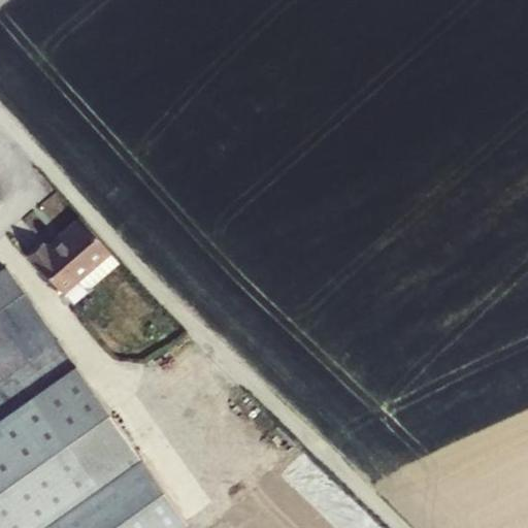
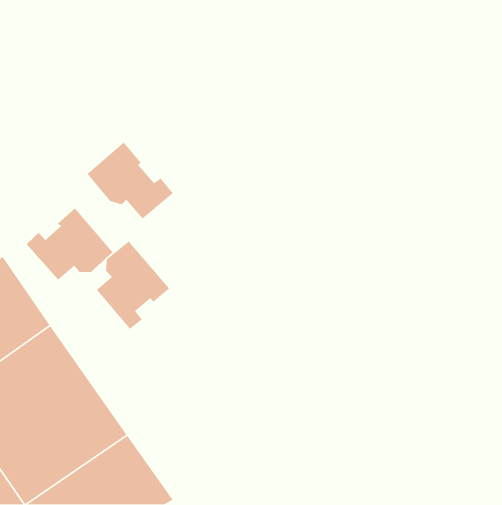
building: none -> [86,141,174,220]
building: none -> [96,240,170,330]

